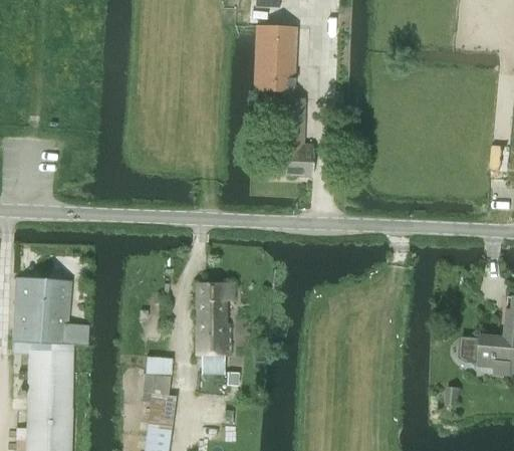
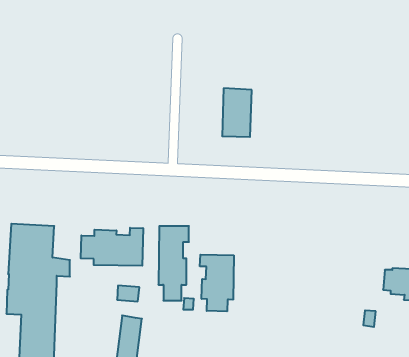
building: [255,25,296,90] -> none
building: none -> [81,228,143,266]
building: none -> [200,255,234,311]

